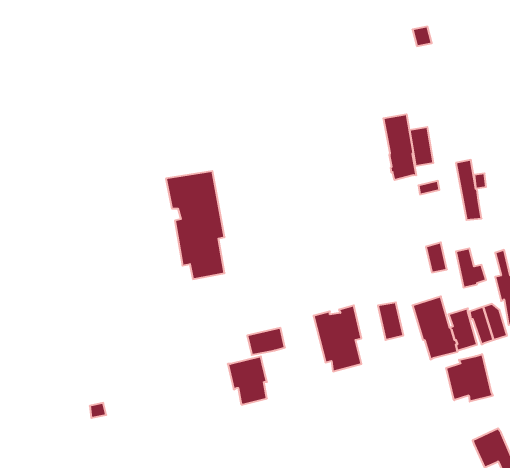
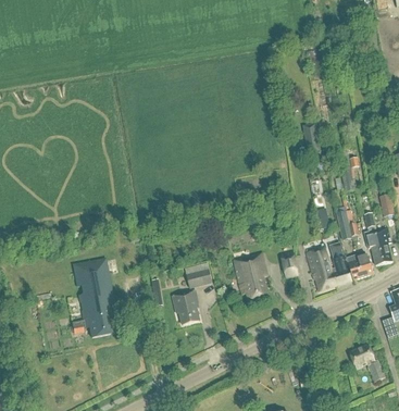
building: [383,114,416,180] -> none
building: [166,171,225,279] -> [72,258,114,336]
building: [446,354,493,402] -> none

